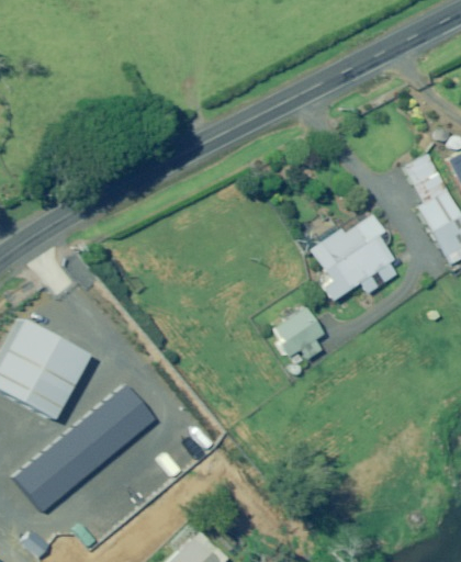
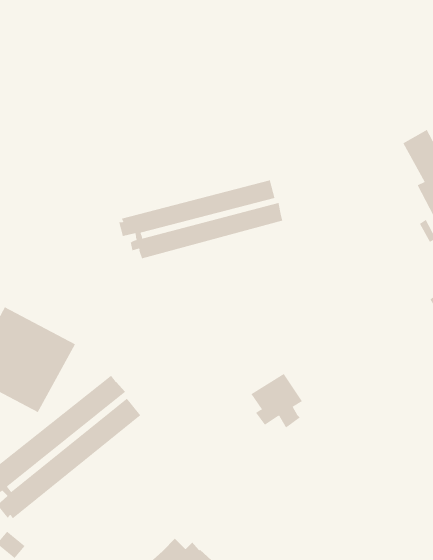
building: none -> [119,180,284,259]
building: [296,214,395,301] -> none
building: [273,307,323,359] -> [250,373,303,428]

